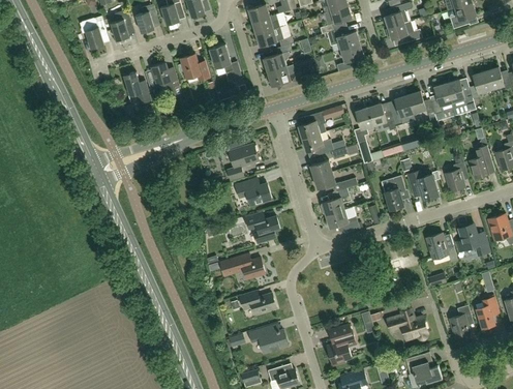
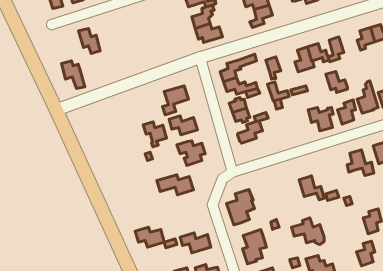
building: [209,43,240,79] -> none
building: [177,54,208,80] -> none
building: [151,63,180,97] -> [61,61,85,88]
building: [446,80,473,106] -> [326,72,347,92]
building: [367,103,395,130] -> none
building: [381,175,405,210] -> none
building: none -> [143,122,167,147]
building: [325,207,363,231] -> none
building: [426,233,457,263] -> [299,176,324,200]
building: none -> [227,189,255,225]
building: [239,290,275,315] -> [135,227,164,247]
building: [449,305,472,336] -> [357,241,375,266]

